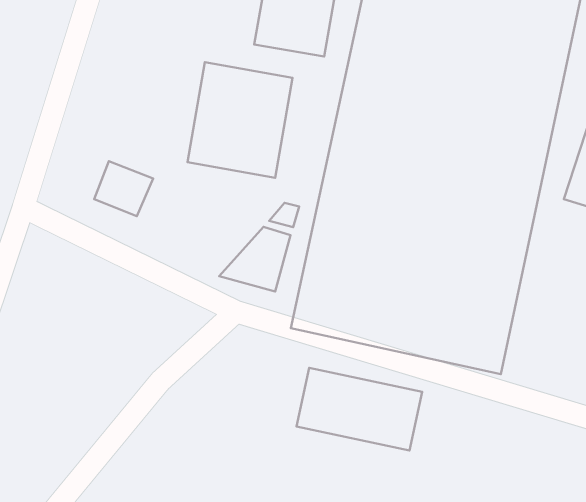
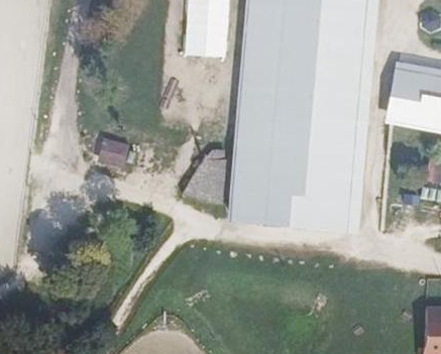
building: [187,62,293,178] -> none
building: [296,368,422,451] -> none

